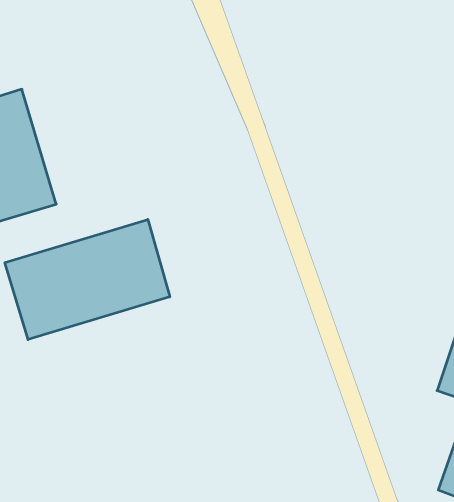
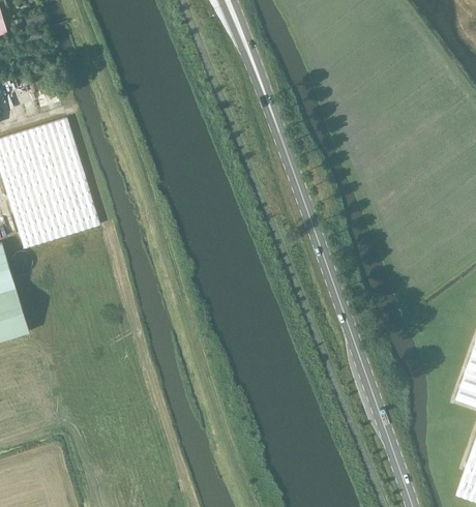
building: [5,219,170,340] -> none

